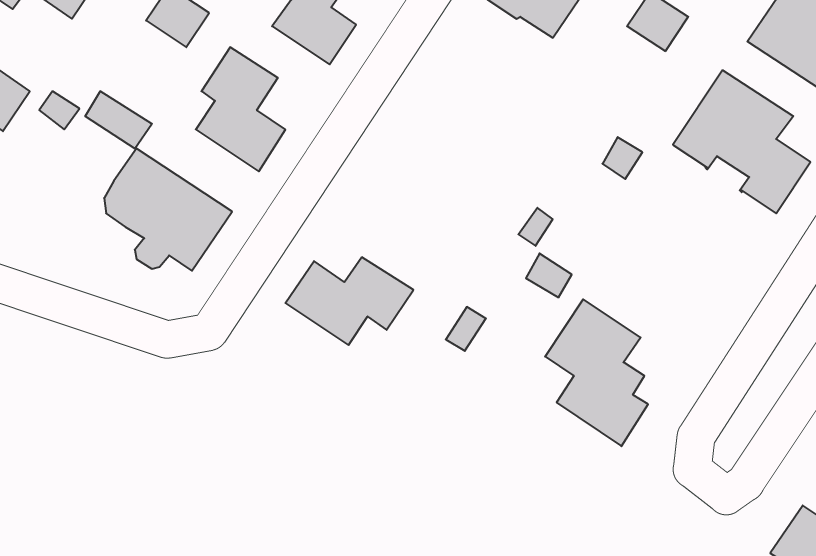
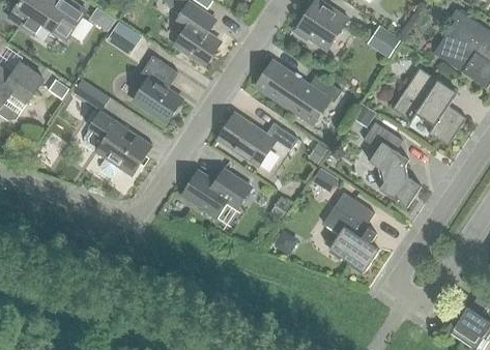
building: none -> [254,59,341,123]
building: none -> [218,113,297,166]
building: none -> [363,121,421,207]

